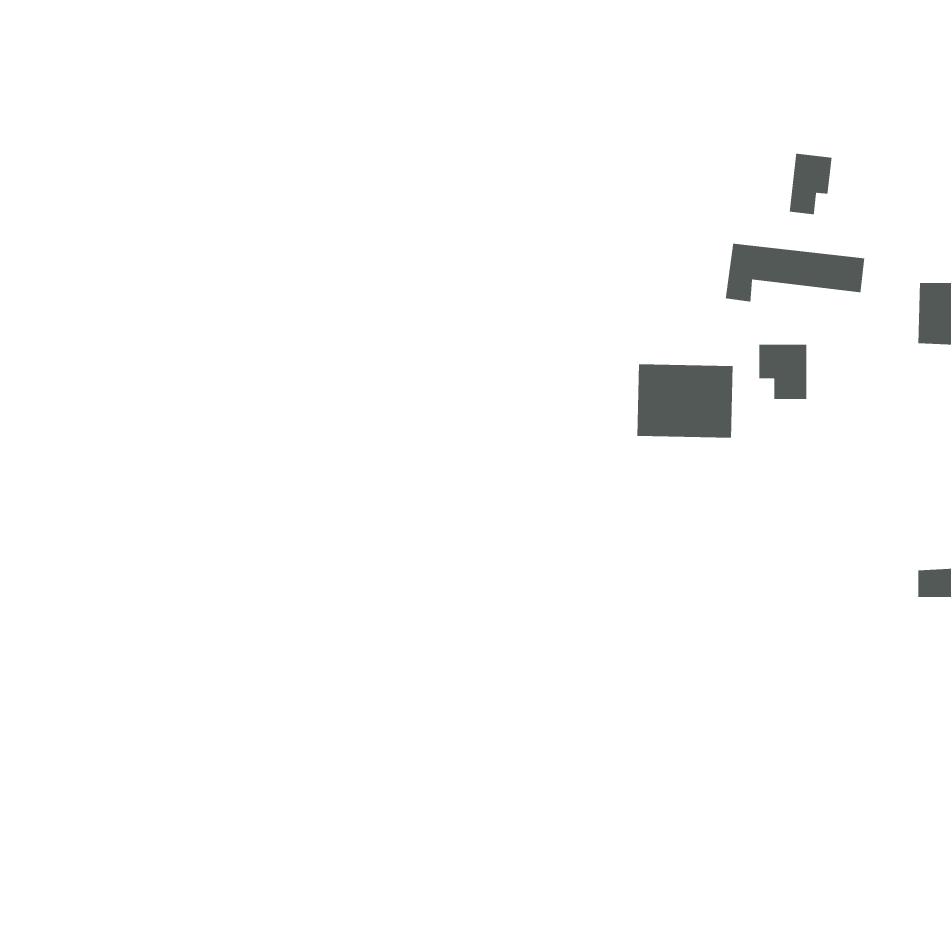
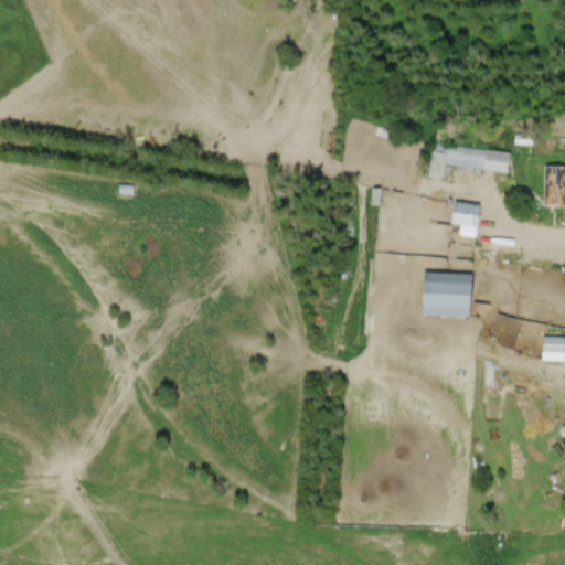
building: [789,153,832,215] -> none
building: [636,364,734,438] -> [418,271,476,316]

